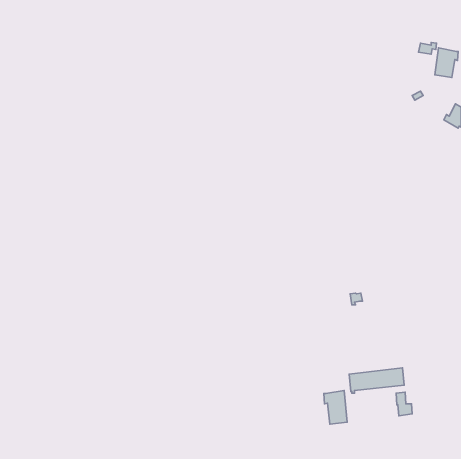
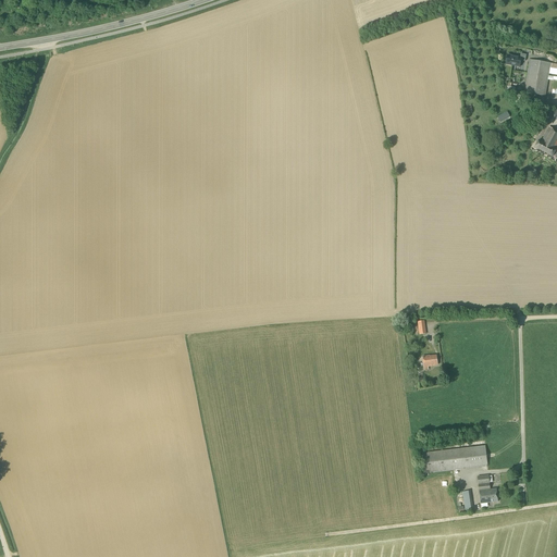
building: [324,390,347,424] -> none

